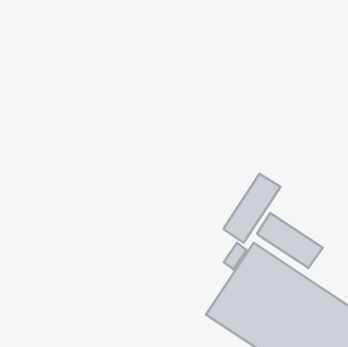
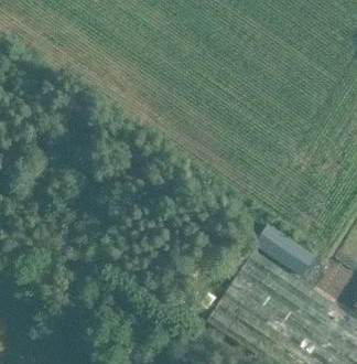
building: [224,174,280,243] -> none

